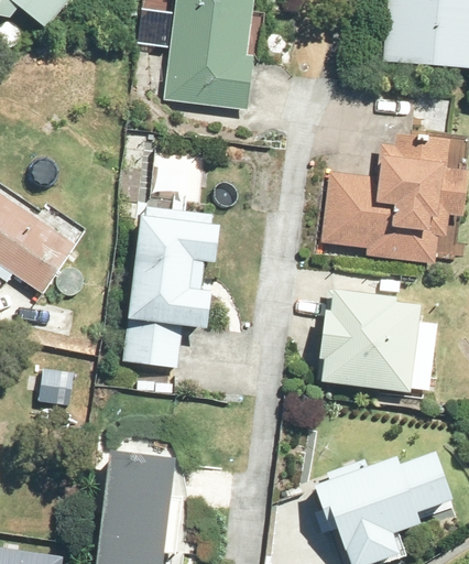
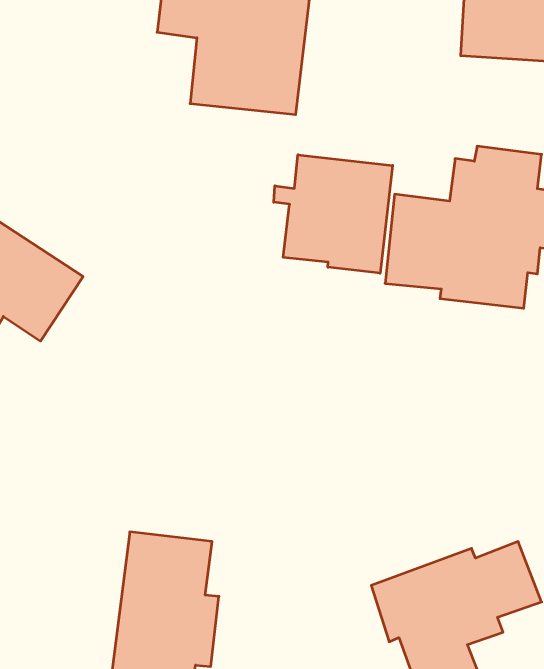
building: none -> [274,155,393,273]
building: [123,204,223,367] -> none
building: [313,289,414,392] -> none

